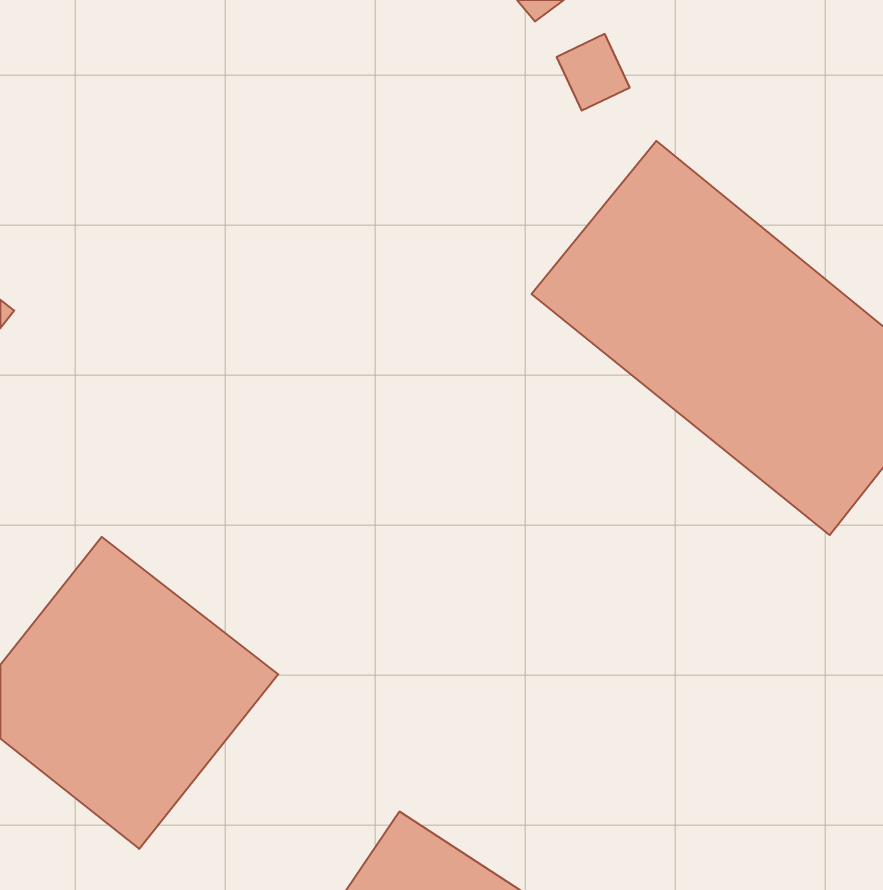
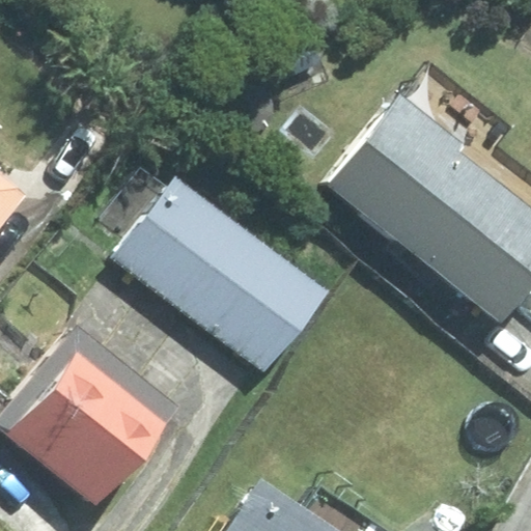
building: none -> [117,179,331,375]

